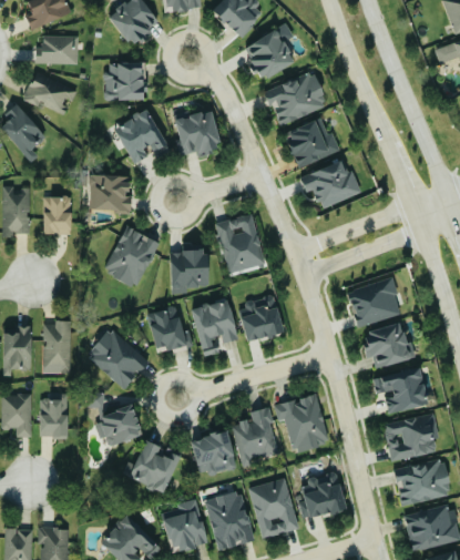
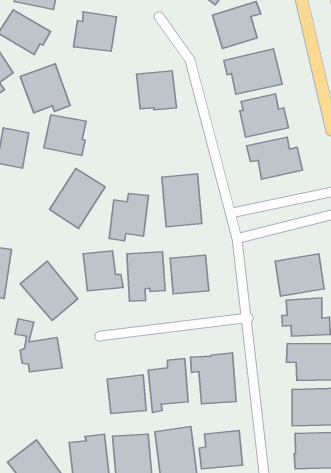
building: [113,109,170,163] -> [20,64,70,113]
building: [123,440,178,492] -> none

